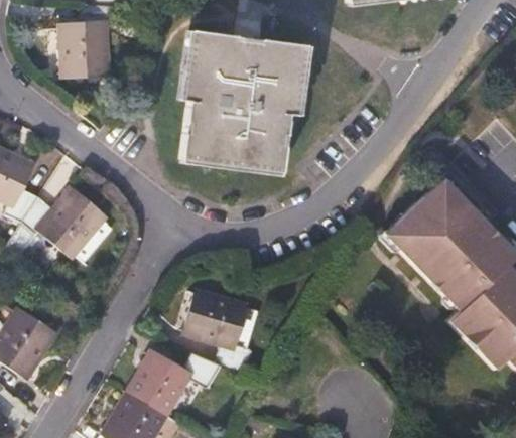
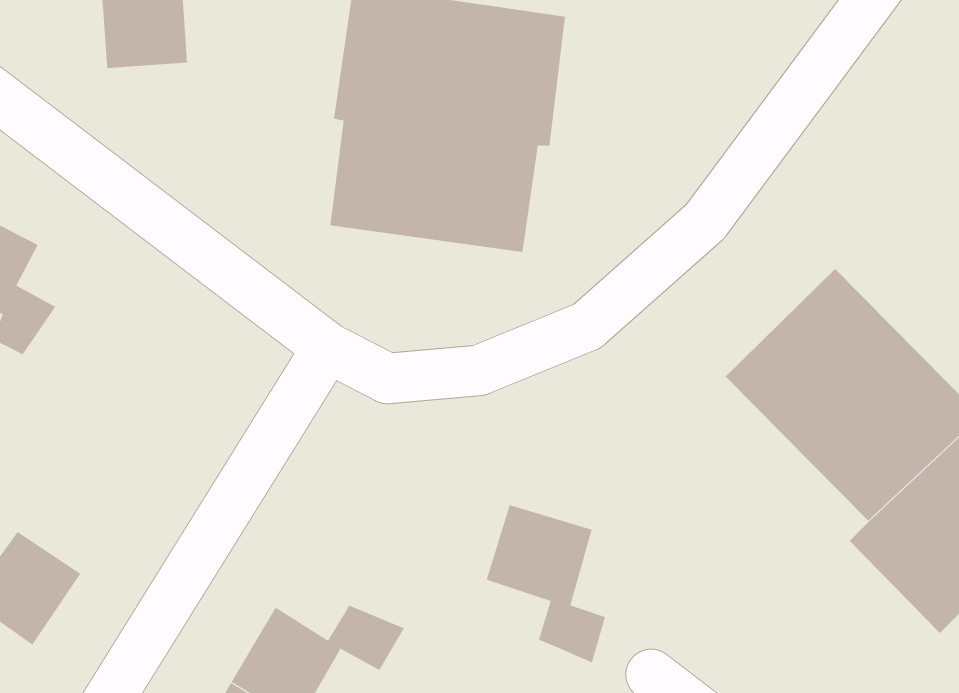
building: [21,192,103,255] -> none
building: [187,293,250,376] -> [486,504,606,663]

